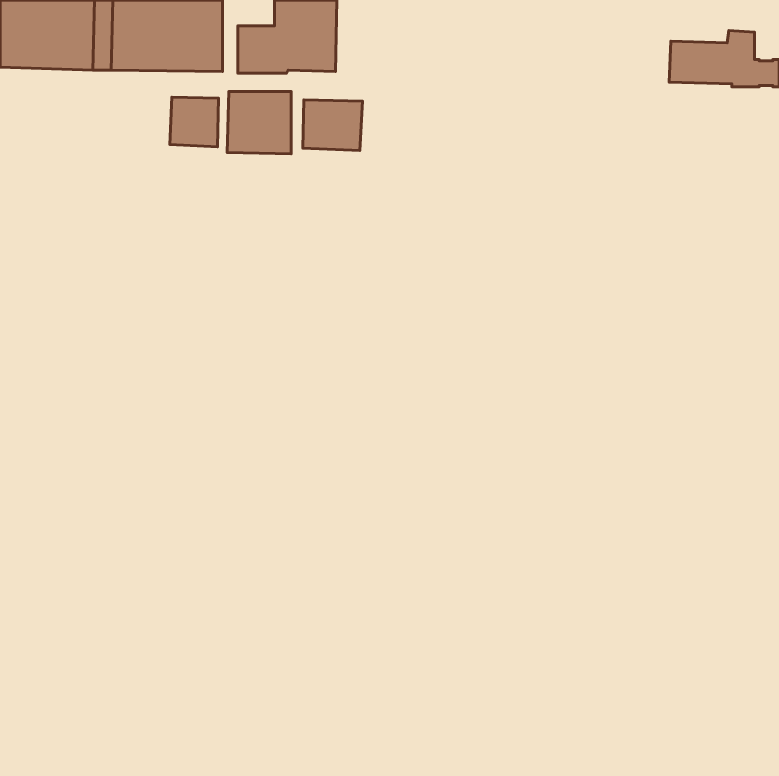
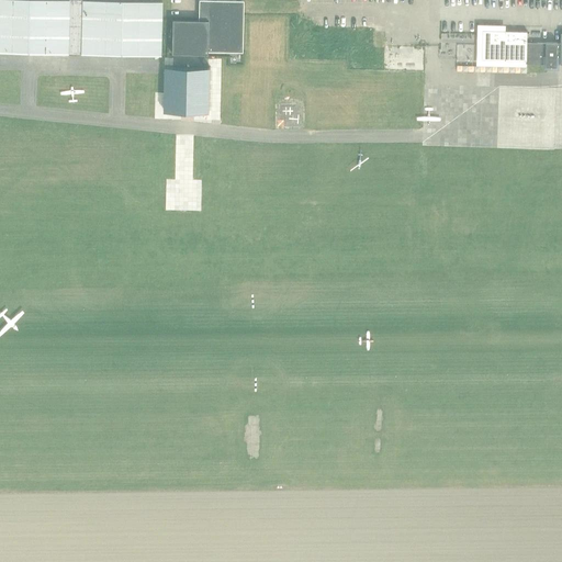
building: [170,97,219,147] -> none
building: [303,100,362,151] -> none

